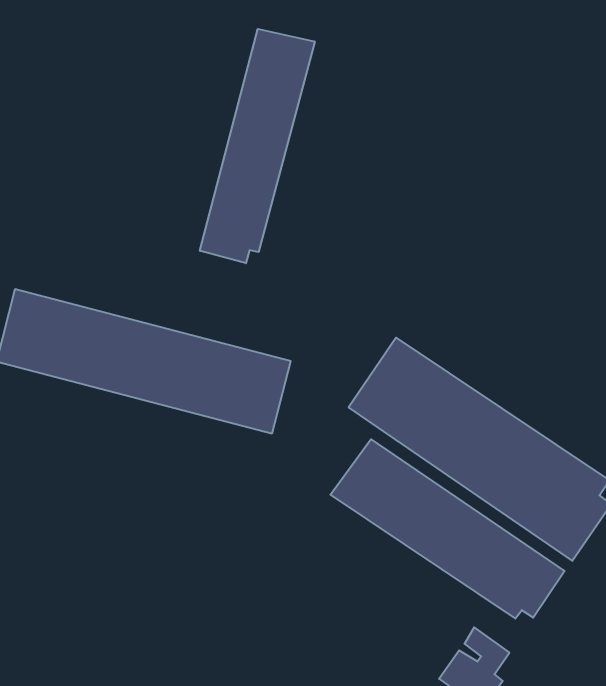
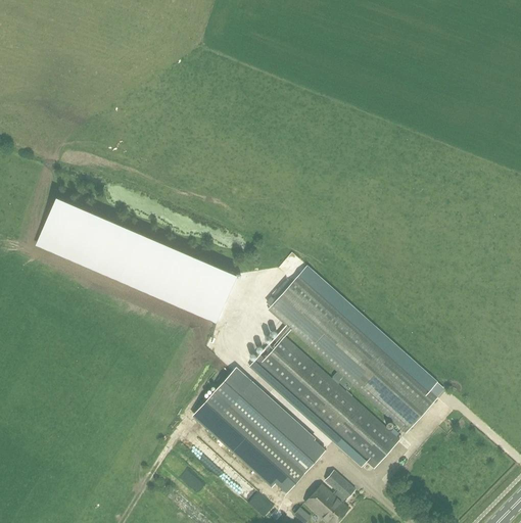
building: [200,29,315,263] -> none
building: none -> [197,371,326,491]

